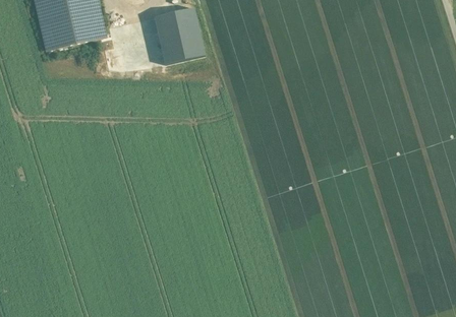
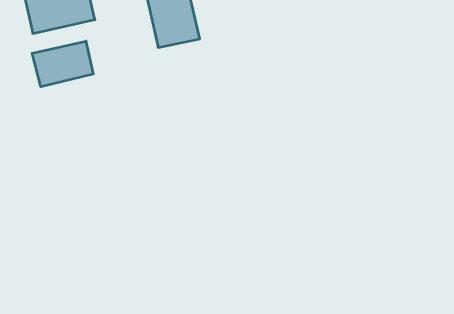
building: none -> [32,41,93,87]

